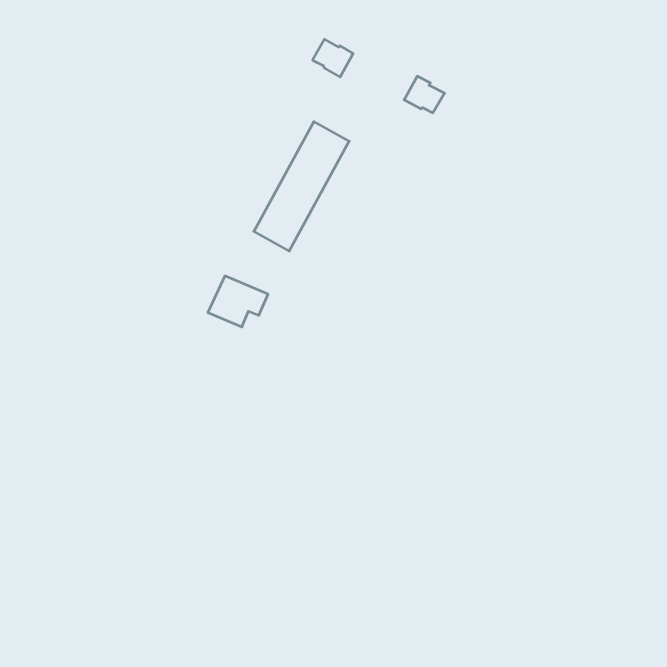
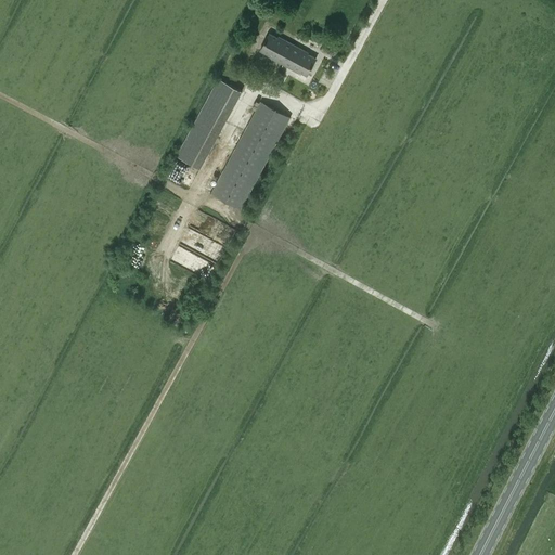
building: [404,76,445,113] -> [282,46,315,76]
building: none -> [176,79,241,169]

